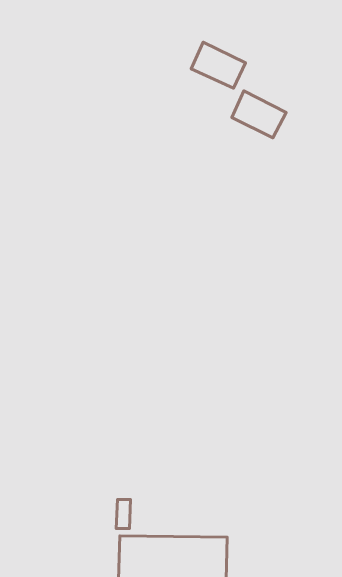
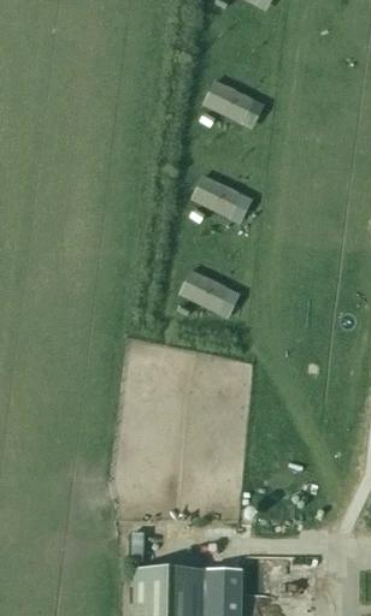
building: [232,91,286,138] -> [194,174,248,221]
building: none -> [182,271,235,315]

